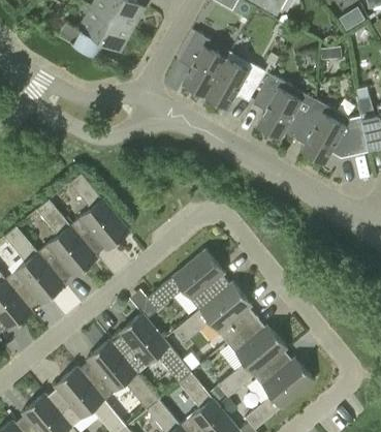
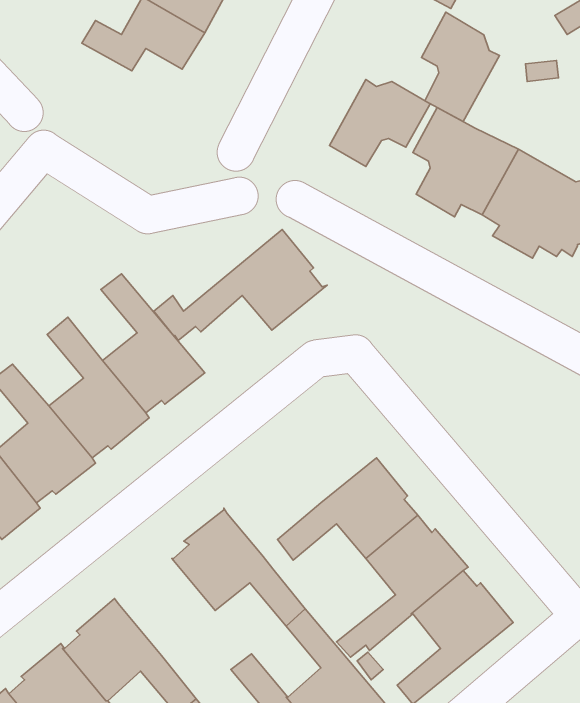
building: [180,32,226,97] -> [421,12,499,122]
building: [129,250,232,316] -> [154,230,327,341]
building: [78,340,158,409] -> none

